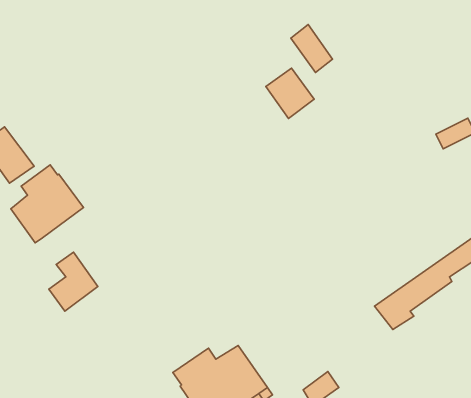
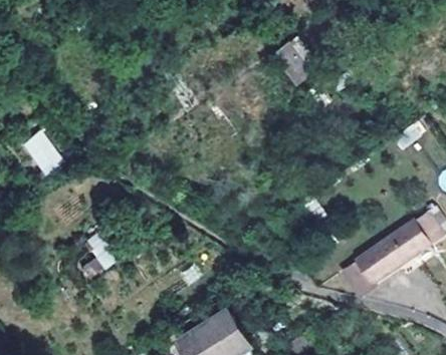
building: [266,68,314,119] -> none
building: [11,165,84,243] -> none

